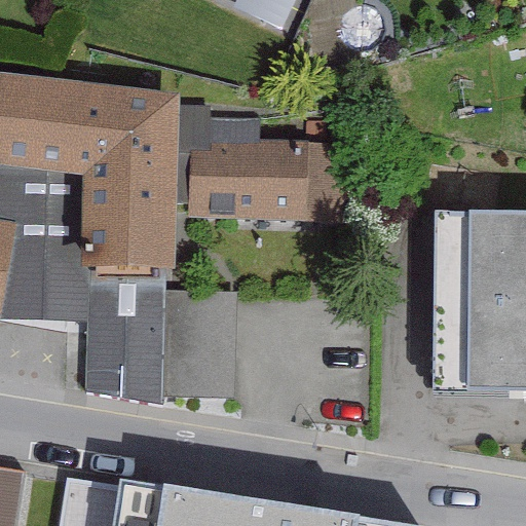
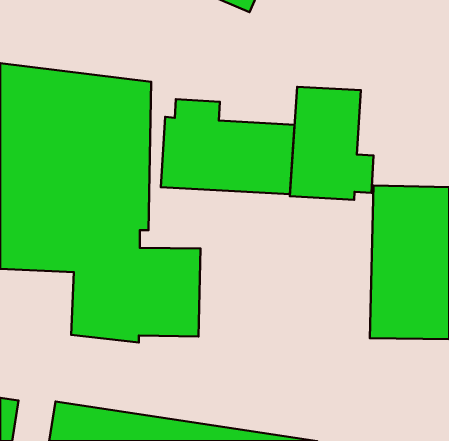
building: none -> [290,87,374,200]

